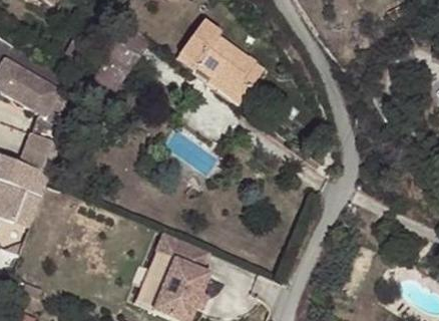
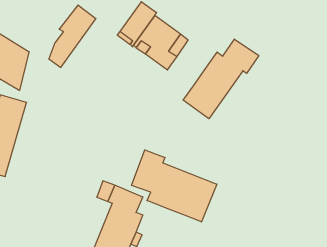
building: none -> [183,39,259,119]
building: none -> [131,150,217,222]

